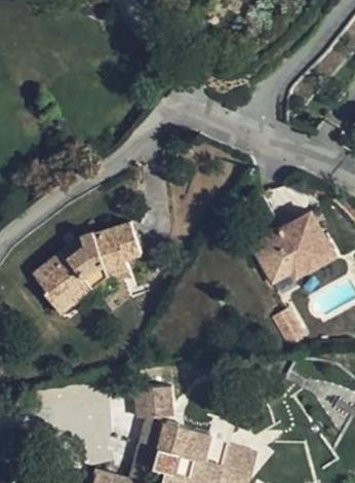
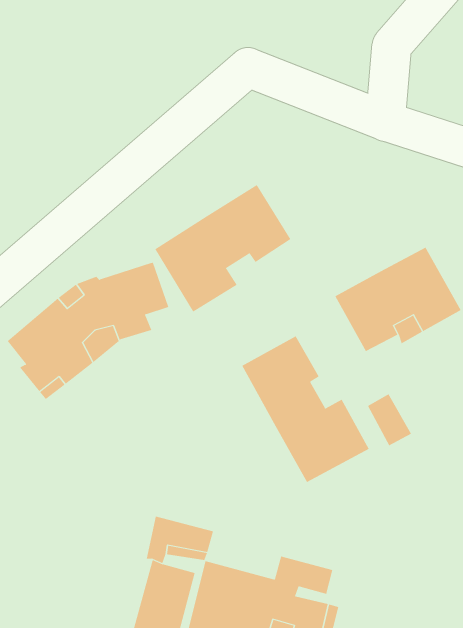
building: none -> [154,184,291,312]
building: none -> [241,336,369,483]

